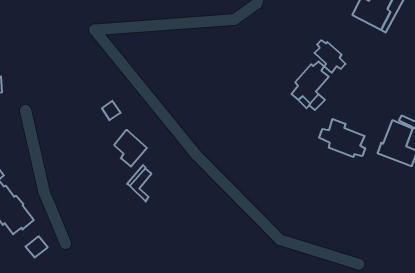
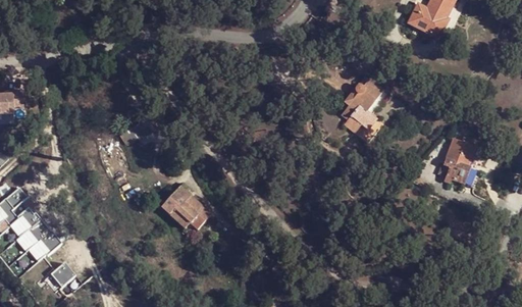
building: [314,40,346,73] -> none
building: [319,119,365,157] -> none
building: [114,130,147,167] -> [173,196,209,236]

